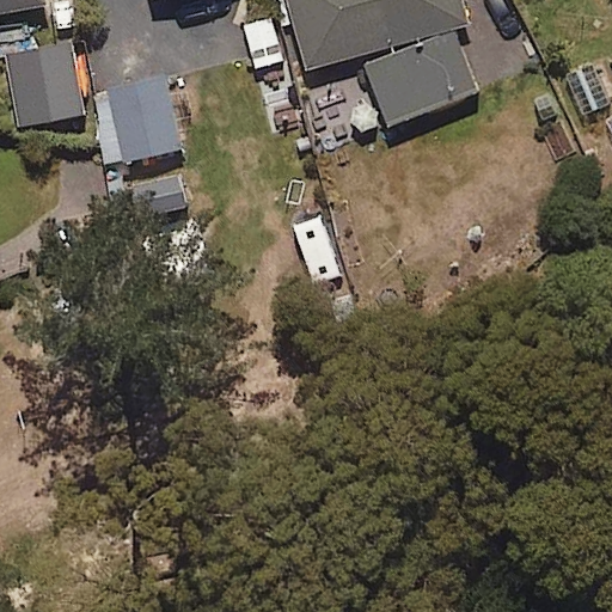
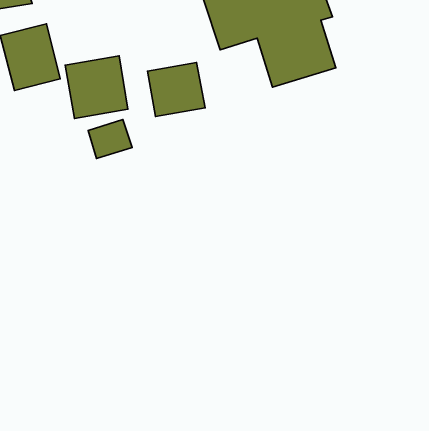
building: none -> [148,62,205,116]

